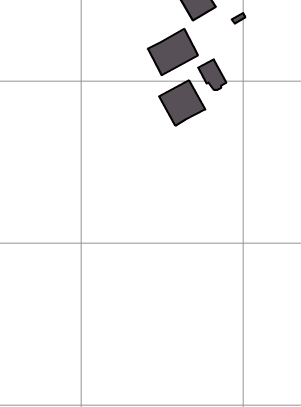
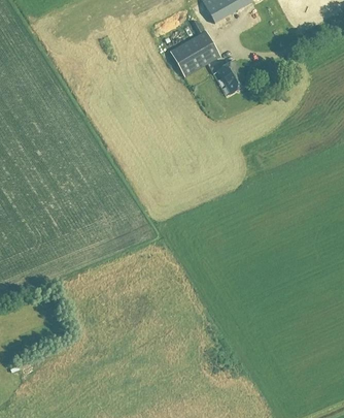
building: [159,80,205,126] -> none

